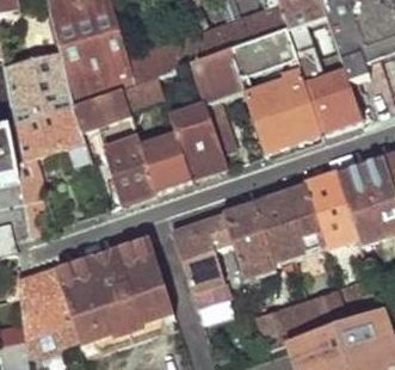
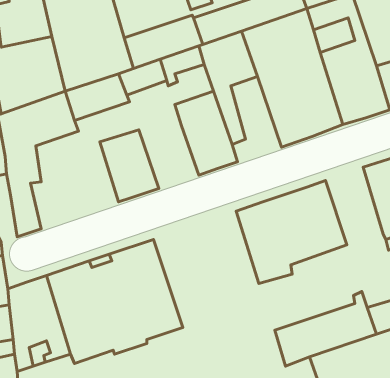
building: [137,134,191,190] -> none
building: [304,171,356,240] -> none
building: [173,210,245,304] -> none

